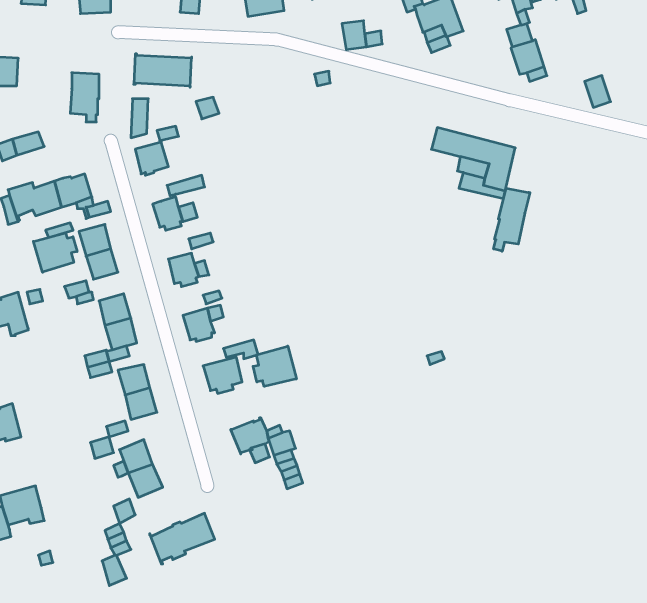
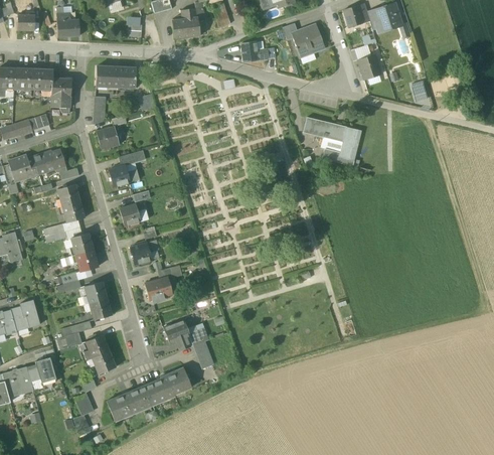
building: none -> [14,68,53,90]
building: [494,188,530,251] -> none
building: [33,233,77,272] -> none
building: [253,346,296,386] -> none
building: none -> [11,299,40,329]
building: none -> [27,357,56,383]
building: none -> [145,367,192,404]

